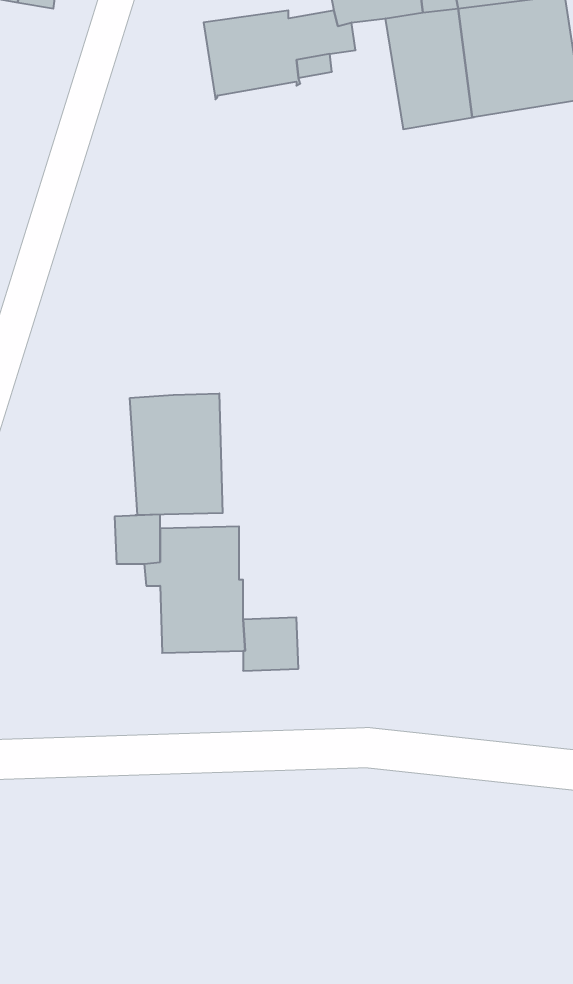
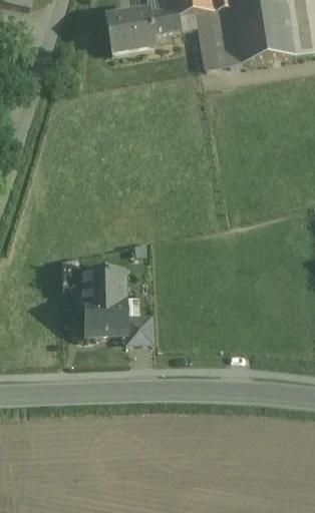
building: [130,393,223,515] -> none

